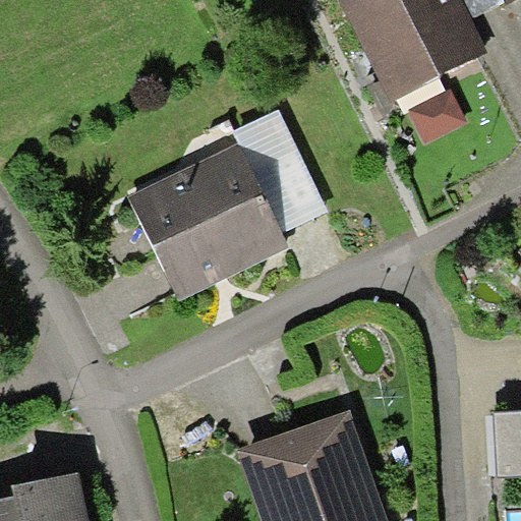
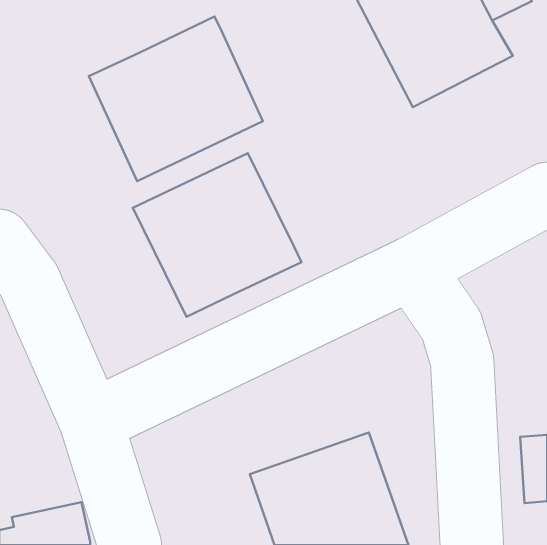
building: none -> [89,16,263,181]
building: [229,110,327,234] -> none

